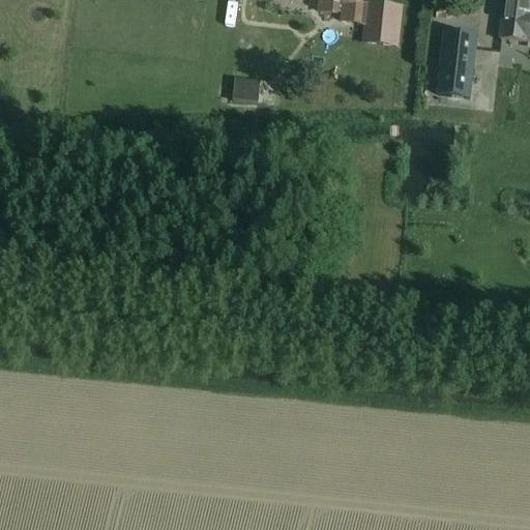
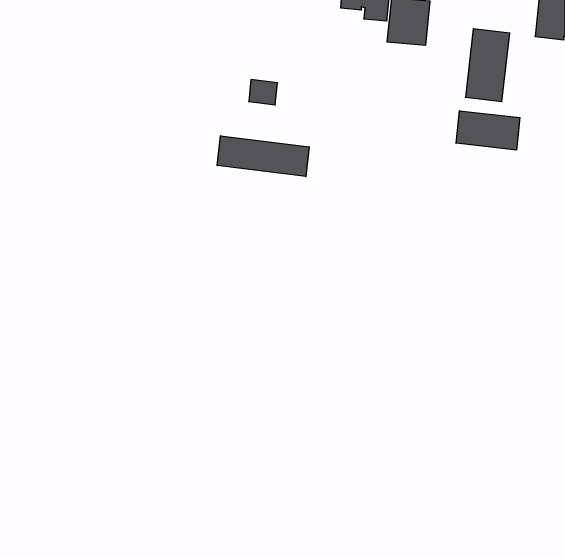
building: none -> [456,111,520,150]
building: none -> [217,136,309,177]

